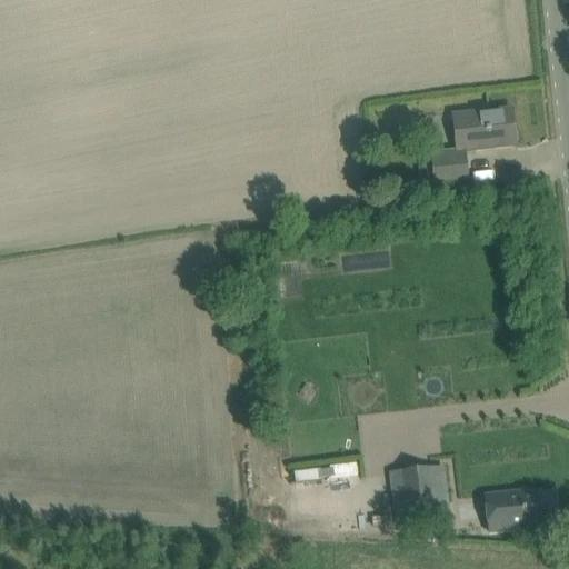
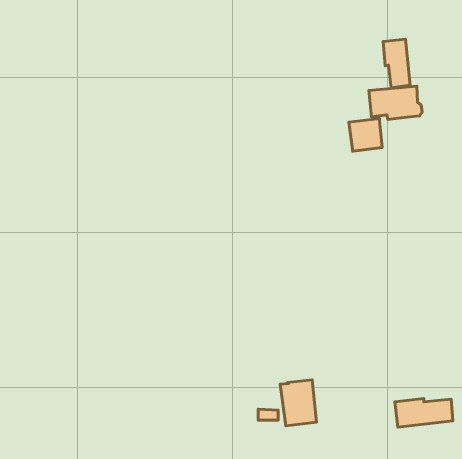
building: none -> [383,39,410,88]
building: [392,466,437,522] -> [280,380,317,426]

